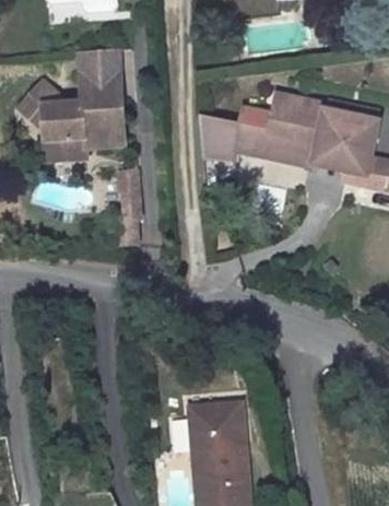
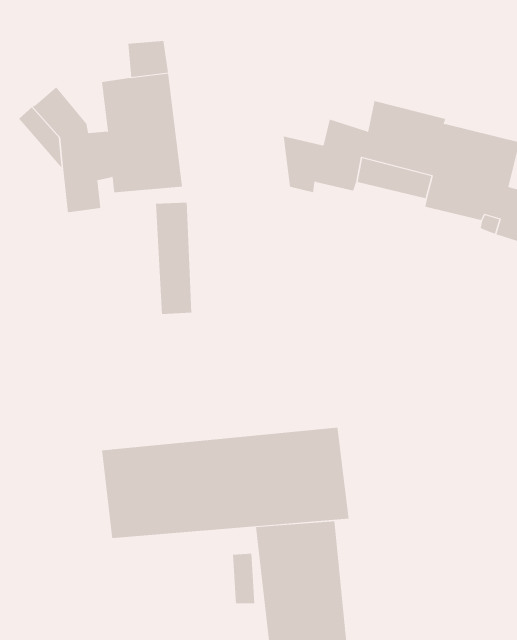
building: none -> [101,427,349,539]

